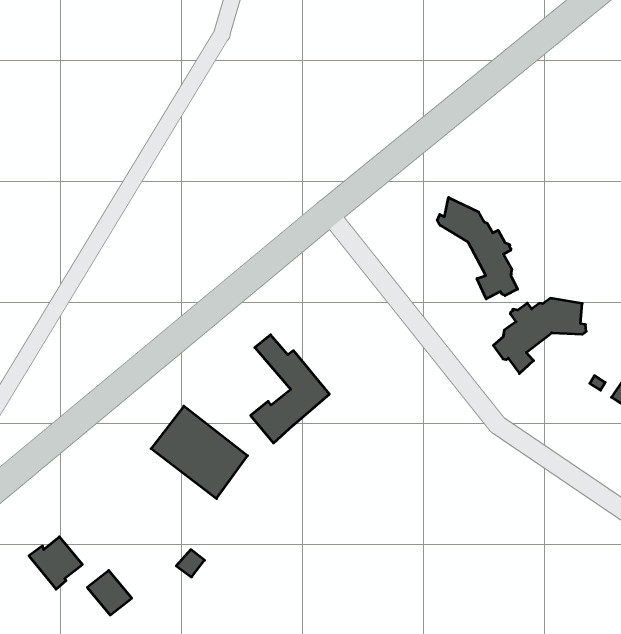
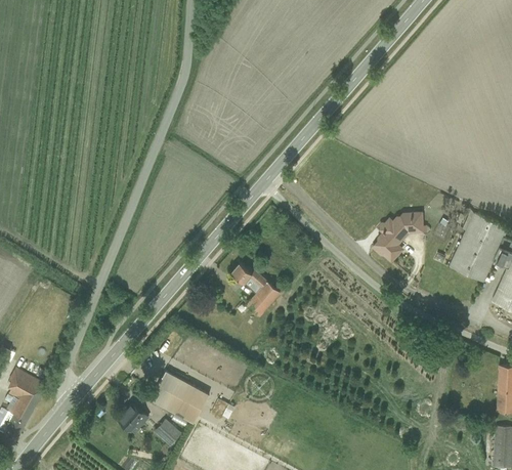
building: [437,197,518,299] -> none
building: [151,406,248,499] -> [150,371,208,423]

